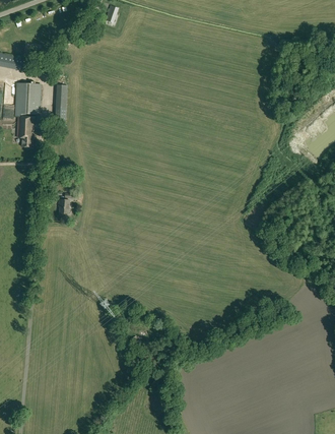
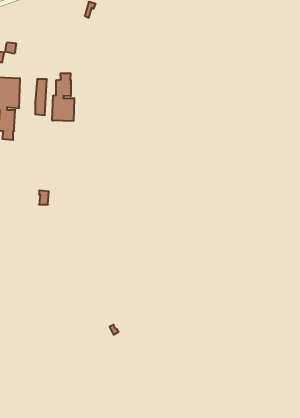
building: none -> [52,73,74,121]

